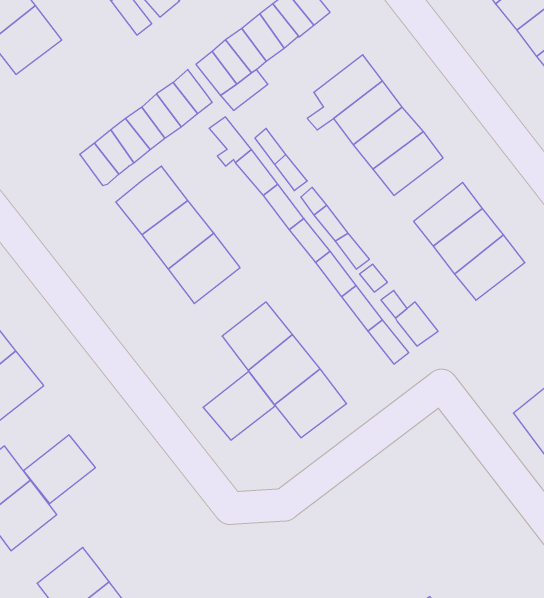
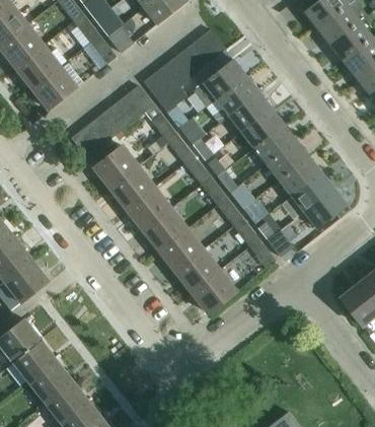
building: none -> [200,59,246,106]
building: none -> [31,66,76,109]
building: none -> [266,139,308,179]
building: [203,371,275,440] -> [142,207,186,250]
building: [23,435,95,504] -> [28,360,73,403]

